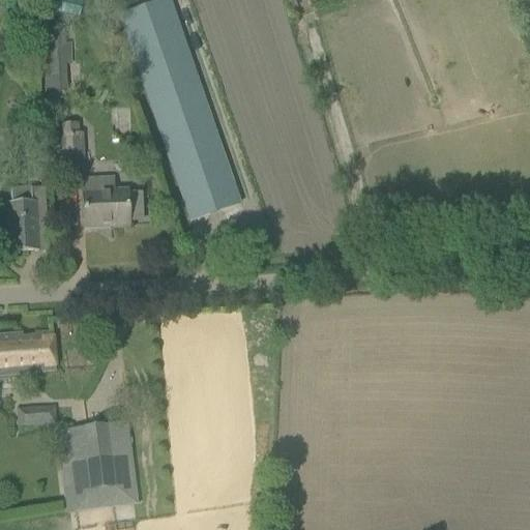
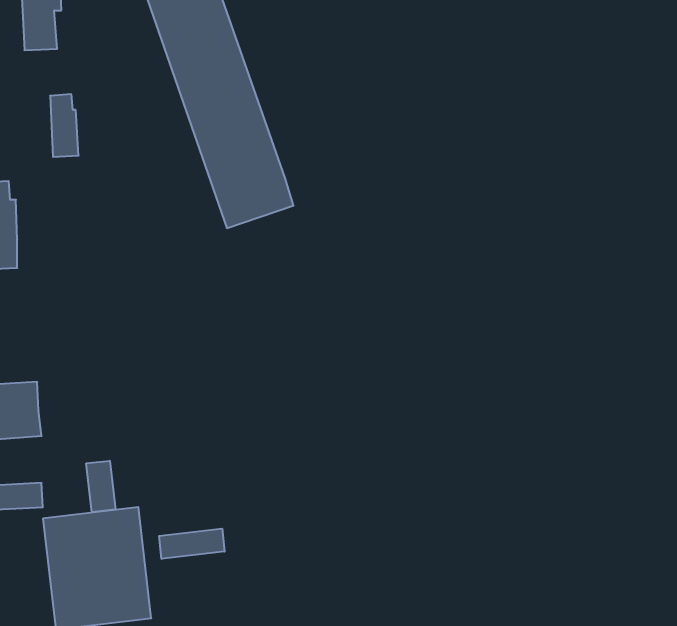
building: [84,176,144,224] -> none
building: none -> [86,461,115,512]
building: none -> [159,529,225,559]

